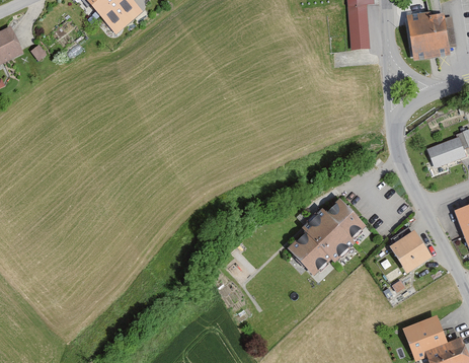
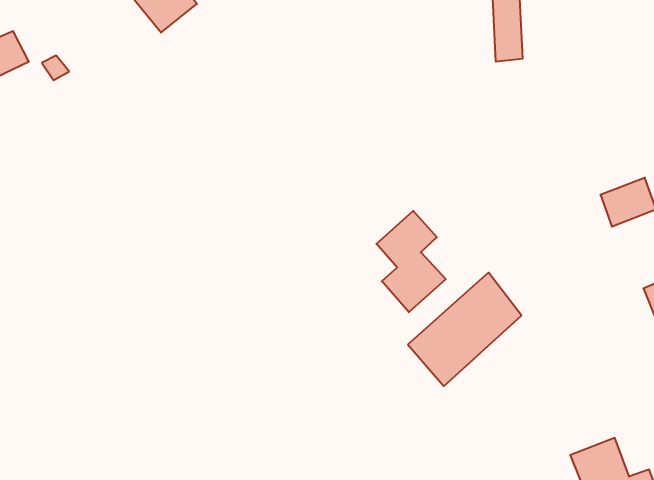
building: [409,15,442,56] -> none
building: none -> [376,211,446,312]
building: [391,232,435,276] -> none

